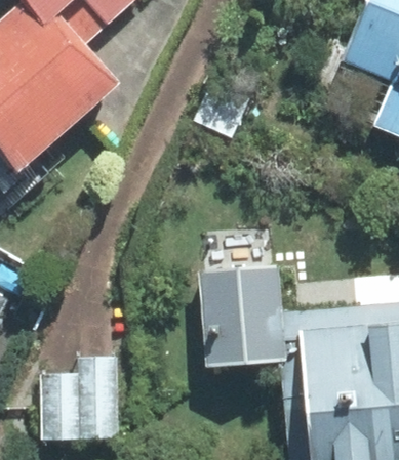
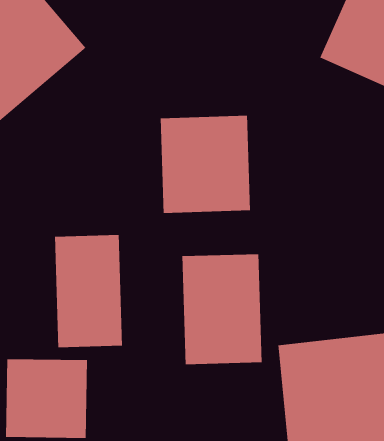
building: none -> [160,115,251,214]
building: none -> [54,234,123,348]

